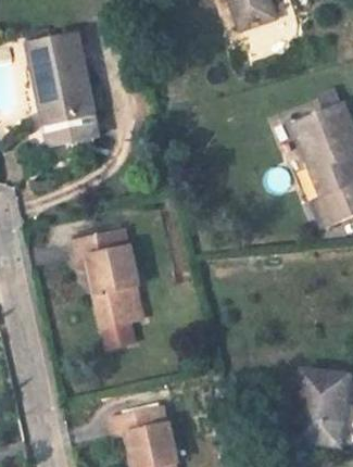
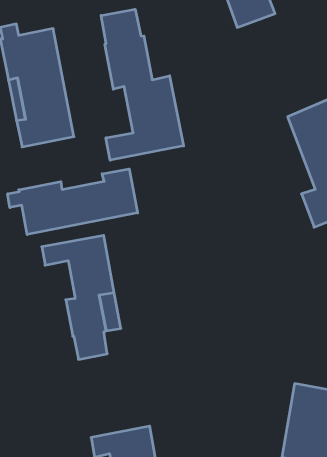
building: none -> [101,9,184,160]
building: none -> [8,169,138,235]

